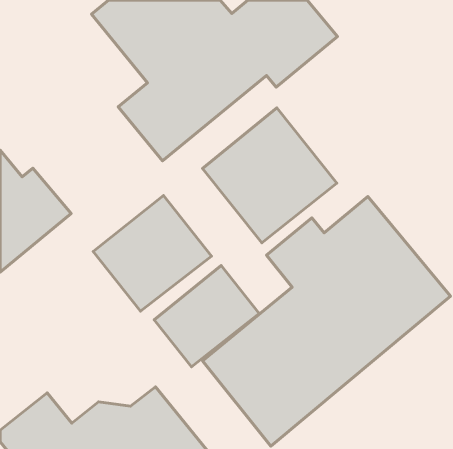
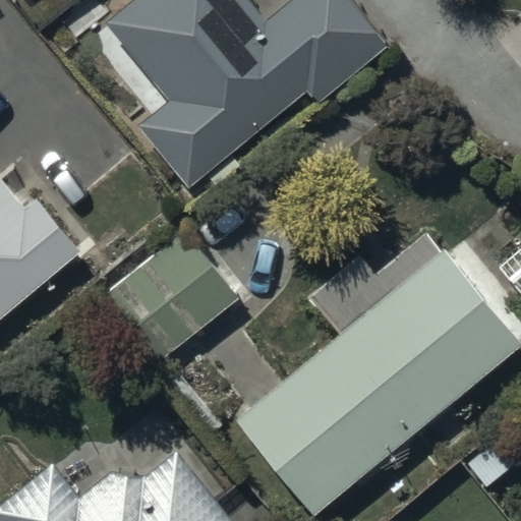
building: [203,108,337,243] -> none
building: [154,266,259,367] -> none

